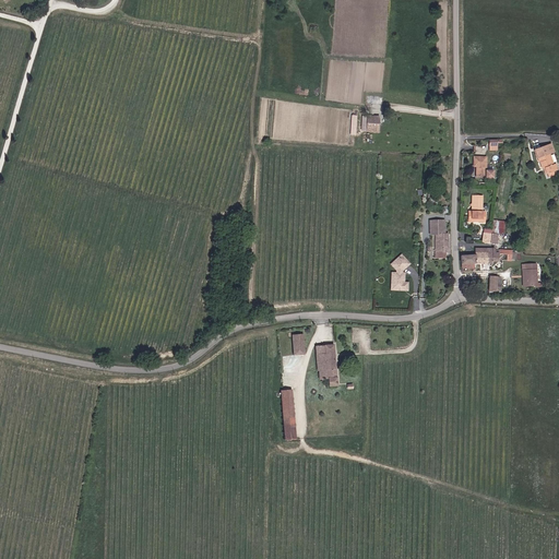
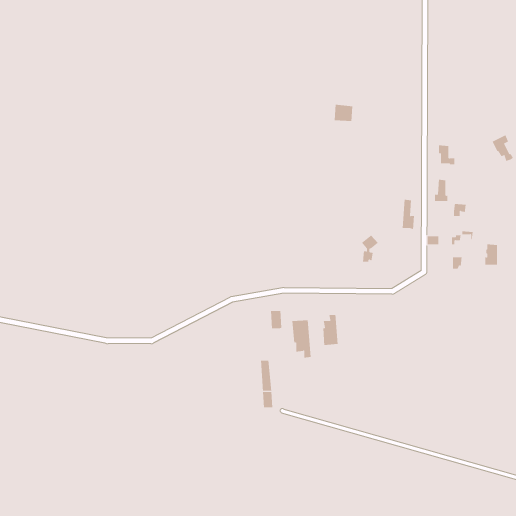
building: none -> [323,314,338,346]

